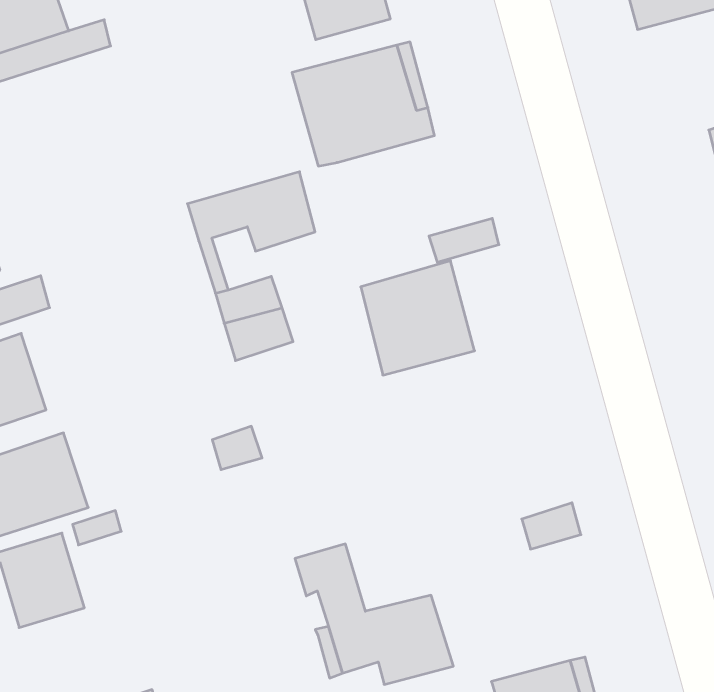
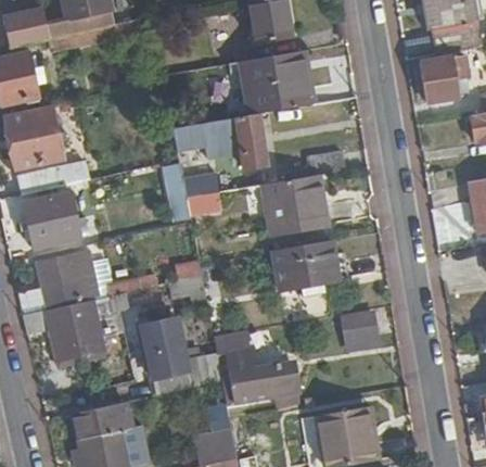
building: none -> [420,58,468,101]
building: none -> [238,113,267,166]
building: none -> [273,242,336,288]
building: none -> [149,318,205,394]

